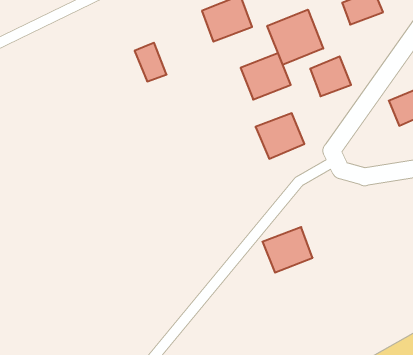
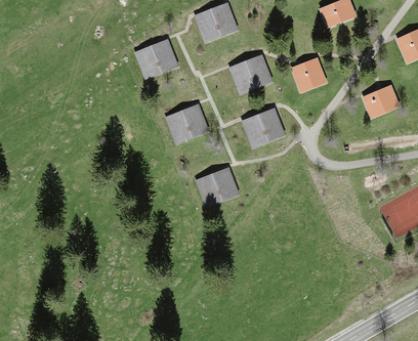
building: [267,10,323,65] -> none
building: none -> [151,38,178,73]
building: none -> [166,102,210,143]
building: [262,227,313,273] -> [195,166,240,207]

